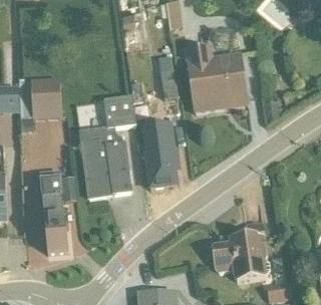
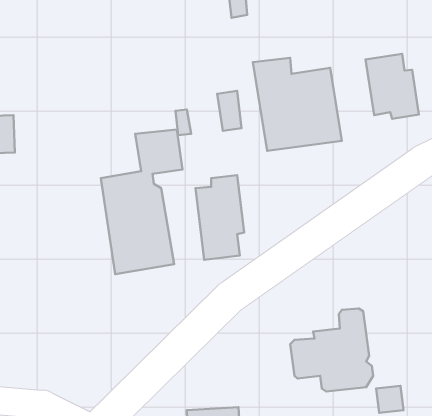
building: none -> [365,54,419,119]
building: [18,78,61,131] -> none
building: [39,172,77,254] -> none

